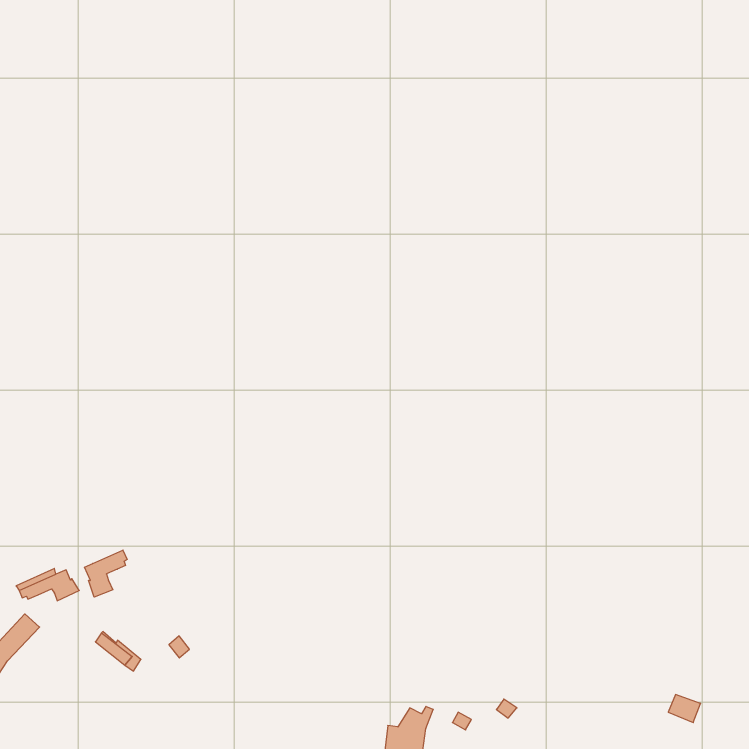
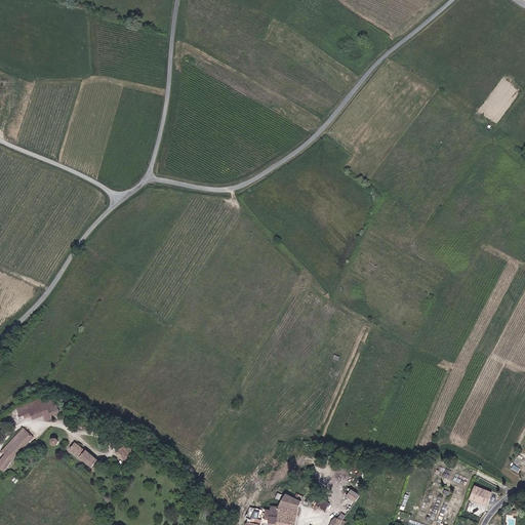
building: [84,550,127,597] -> none

